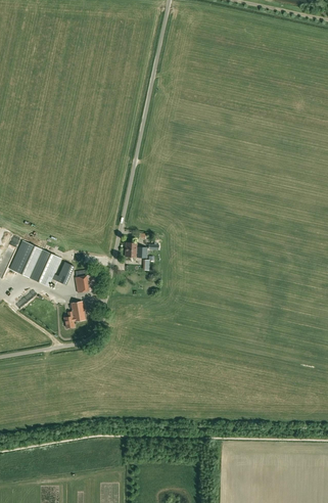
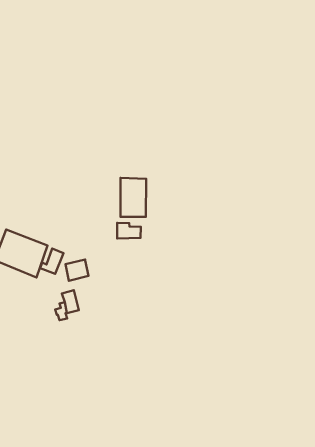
building: none -> [121,178,146,217]

